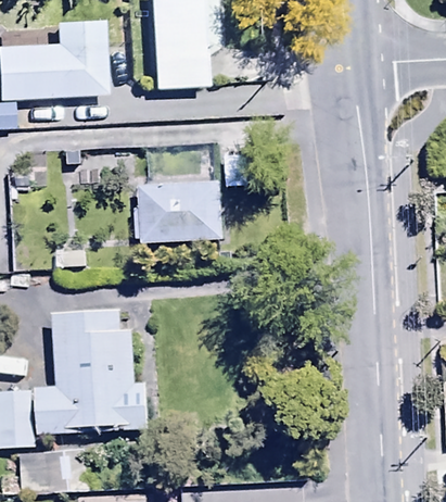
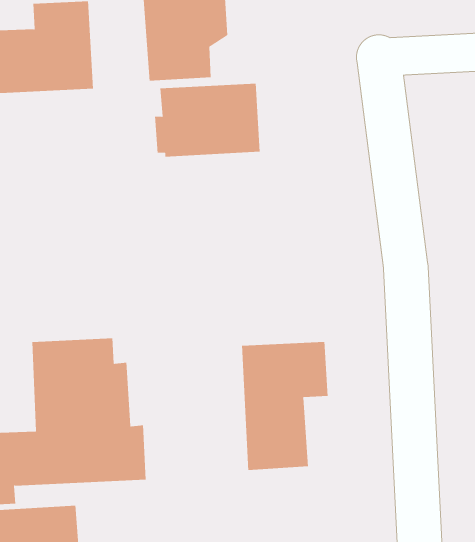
building: [132,180,222,243] -> [154,83,260,157]
building: none -> [241,341,328,471]

